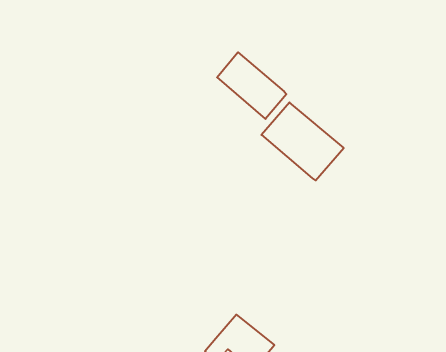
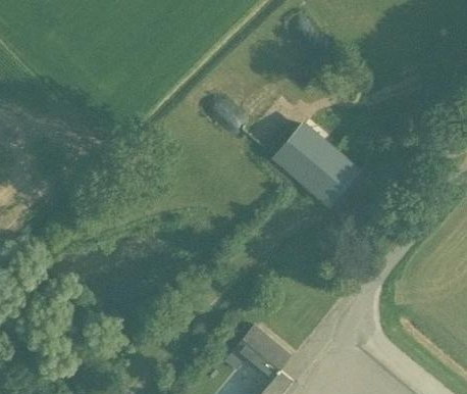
building: [217,52,286,119] -> none

